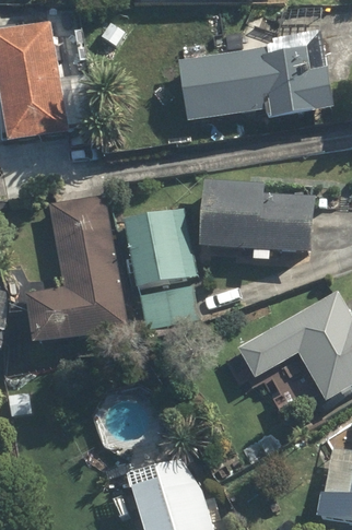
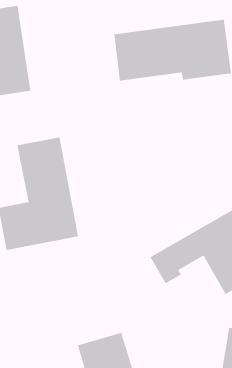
building: [199,174,314,261] -> none
building: [121,207,199,331] -> none

